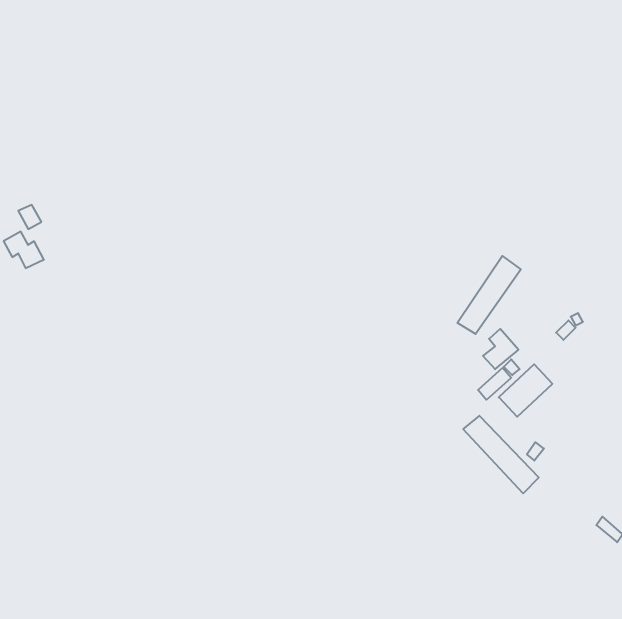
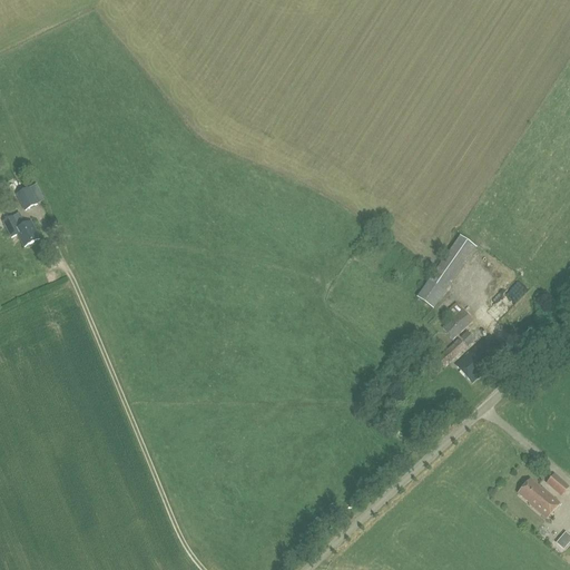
building: [463,416,539,493] -> none
building: none -> [518,476,559,517]

